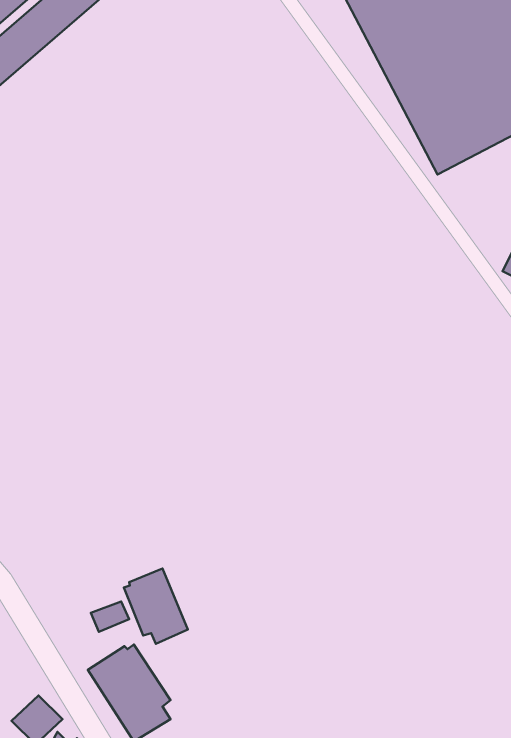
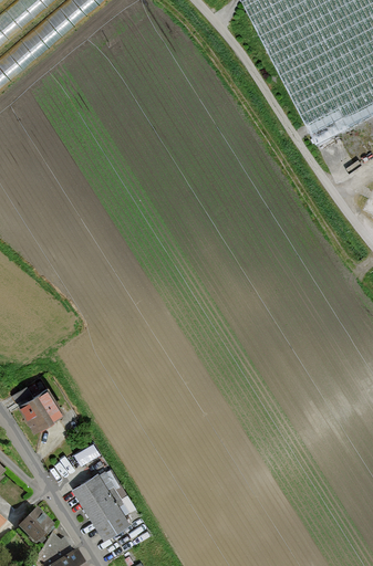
building: none -> [15,387,61,431]
building: [124,568,188,644] -> none

